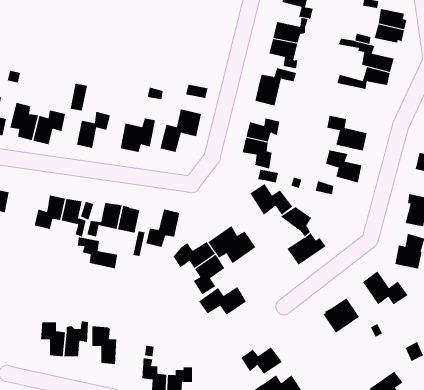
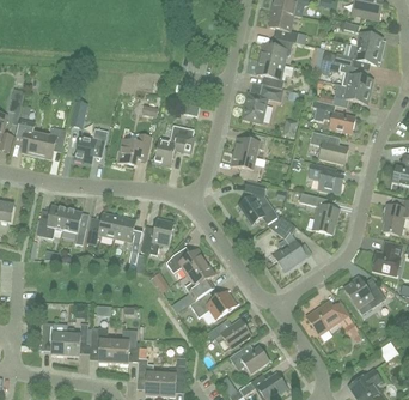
building: none -> [310,99,354,133]
building: none -> [311,204,337,234]
building: [208,225,256,264] -> none
building: [77,236,118,269] -> none
building: none -> [206,317,249,347]
building: none -> [112,328,136,364]

